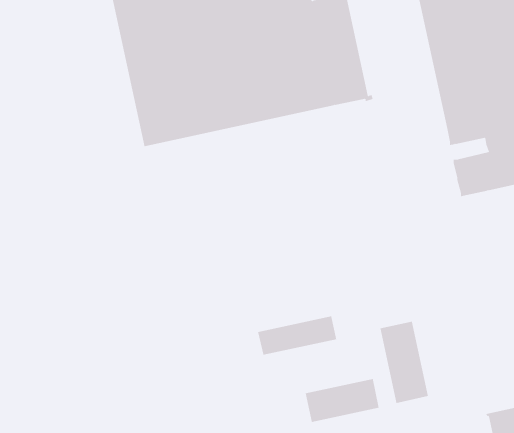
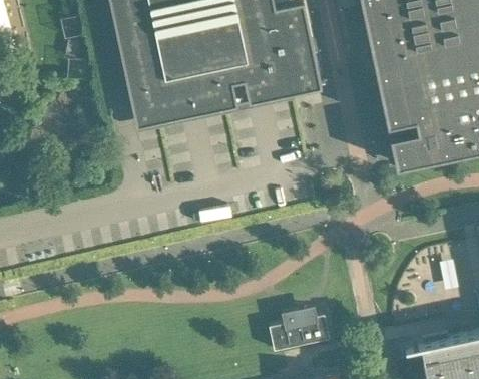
building: [258,316,337,356] -> none
building: [380,321,428,404] -> none

